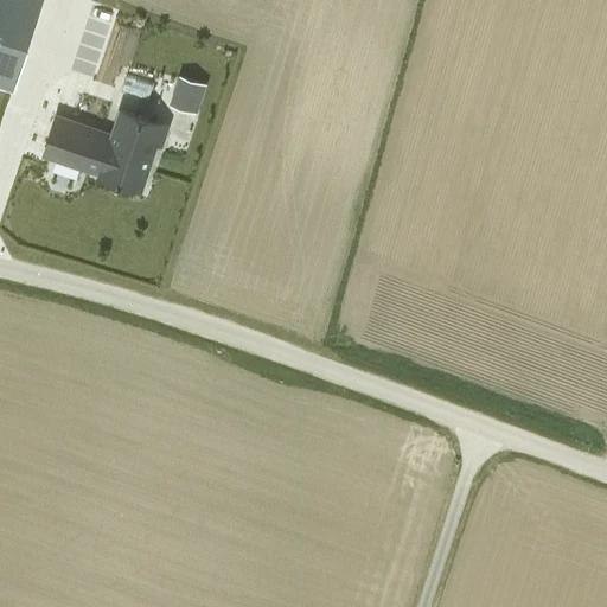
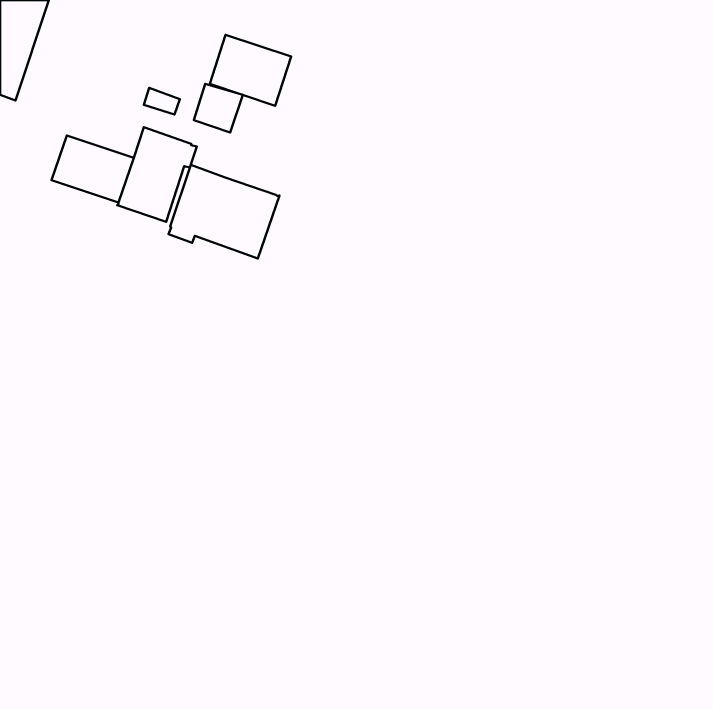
building: none -> [210,35,291,106]
building: none -> [168,165,279,259]

